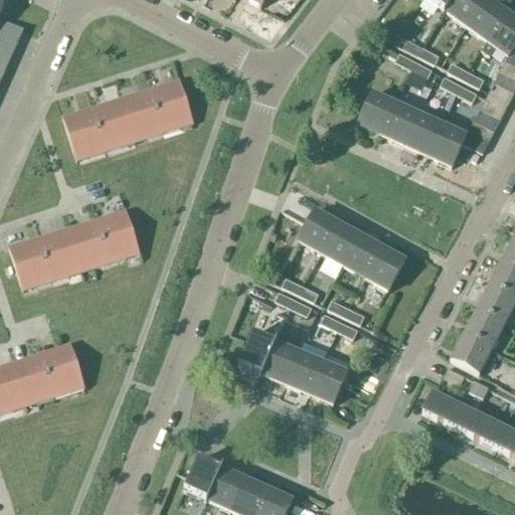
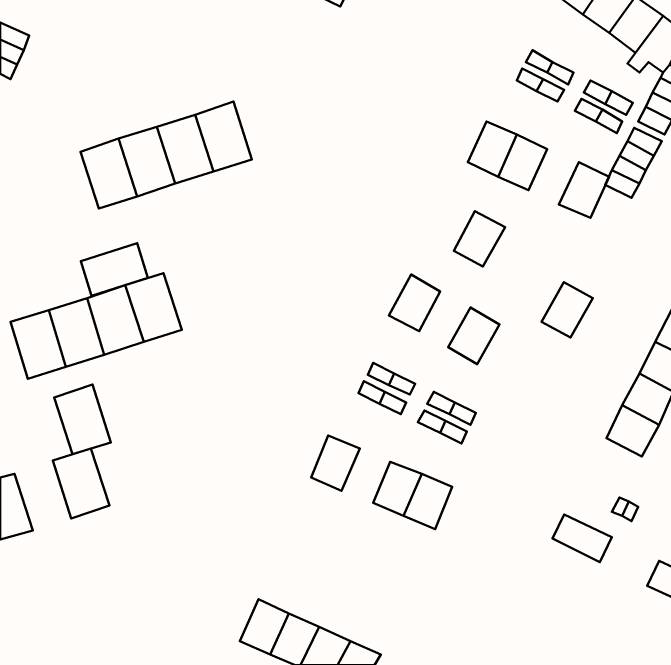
building: [405,114,444,156] -> none
building: none -> [81,243,148,296]
building: [322,222,361,265] -> [454,211,505,267]
building: [366,247,405,290] -> [541,282,593,338]
building: [452,334,492,372] -> none
building: [263,342,300,383] -> none
building: [13,351,56,404] -> [54,384,111,454]
building: [460,409,505,447] -> none

